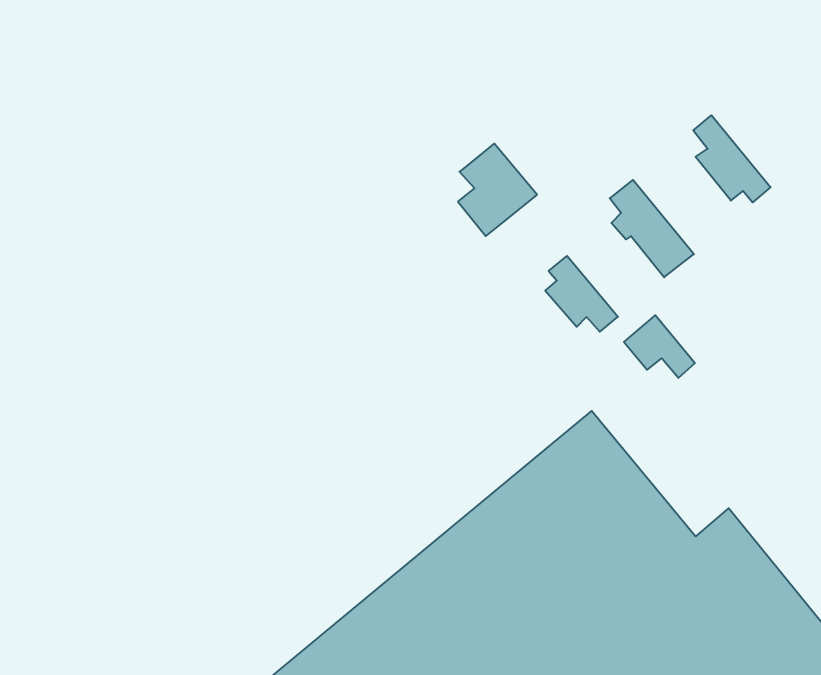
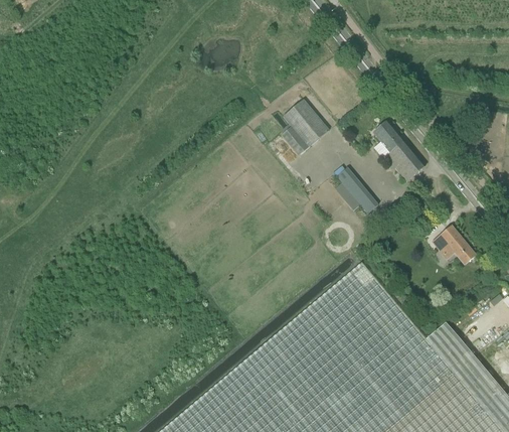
building: [693,115,771,202] -> none
building: [624,315,695,378] -> [432,227,475,265]

